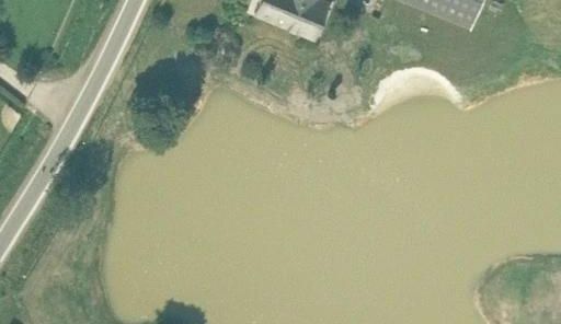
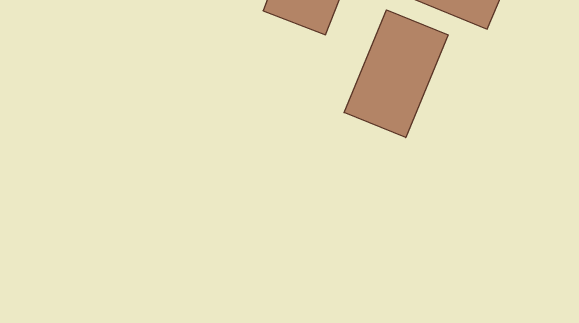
building: none -> [344,10,448,138]

